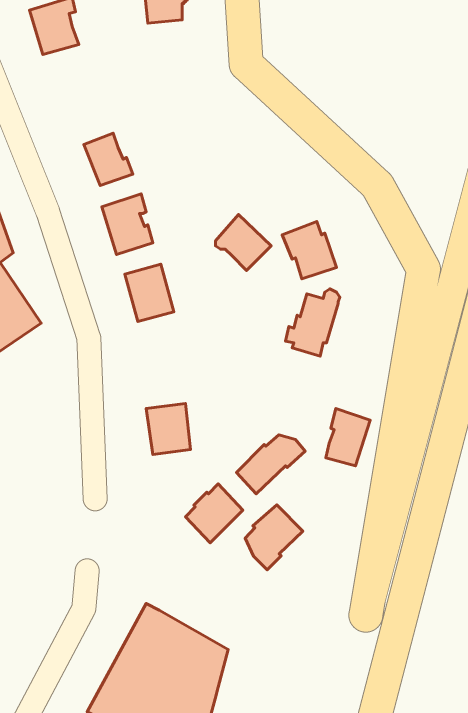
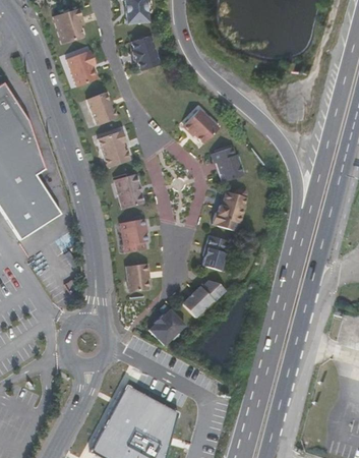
building: none -> [130,36,159,70]
building: none -> [67,49,99,85]
building: [215,215,271,270] -> [184,108,219,142]
building: none -> [120,218,147,252]
building: [326,409,370,466] -> [201,234,229,270]
building: [245,505,303,570] -> none

